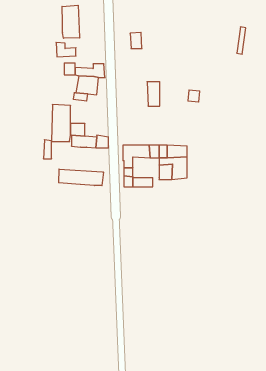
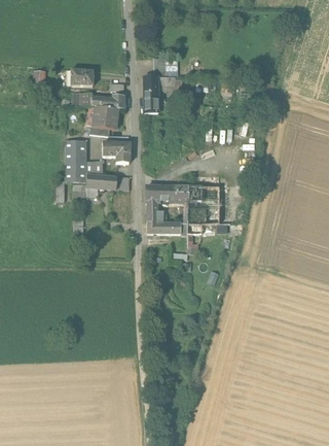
building: [62,5,80,38] -> none
building: [147,82,160,106] -> [144,83,158,111]
building: none -> [103,141,130,162]
building: [59,169,103,186] -> none

